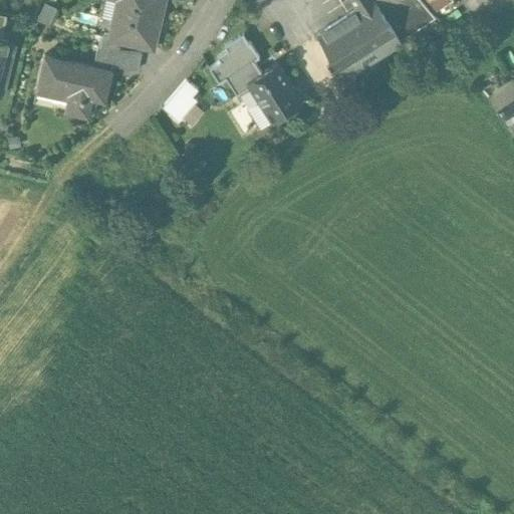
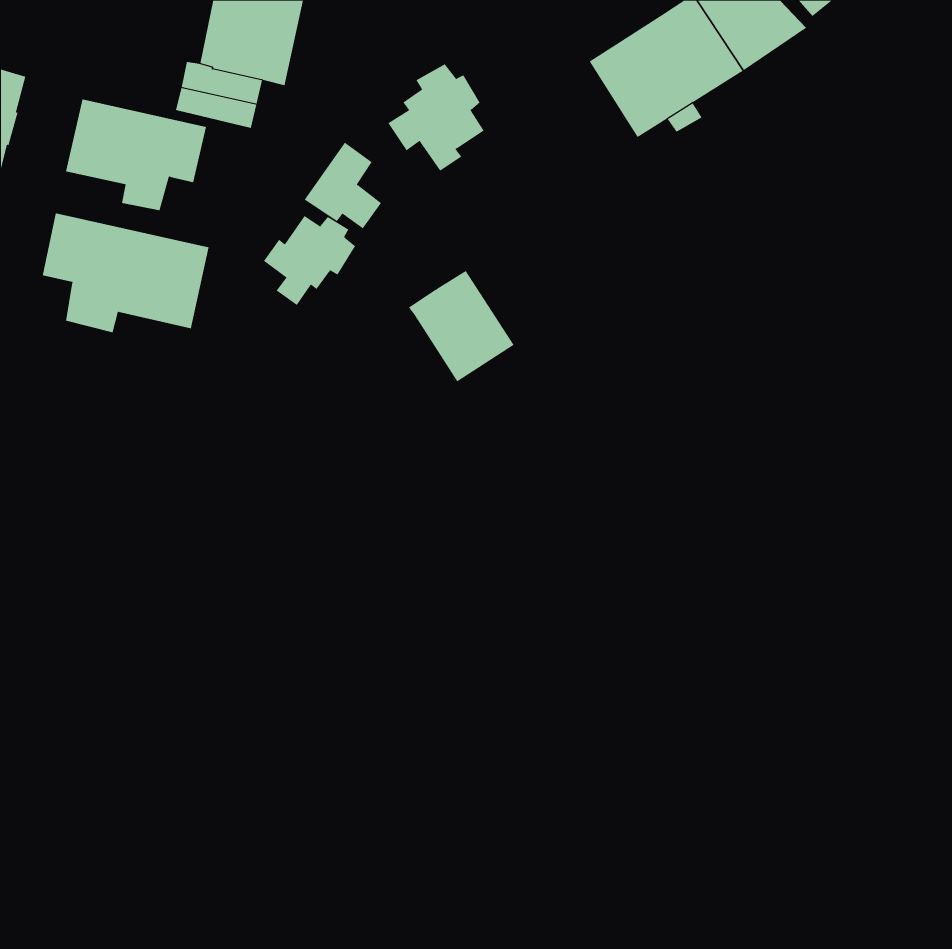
building: [246,62,303,122] -> [408,270,514,382]
building: none -> [42,212,209,333]
building: none -> [263,215,356,306]

